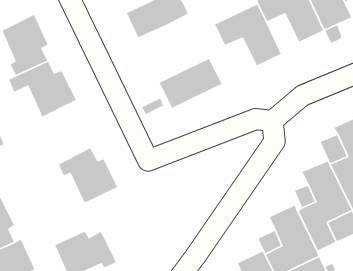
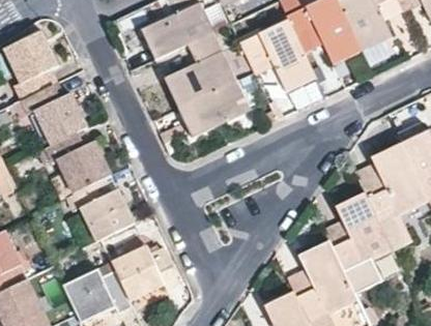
building: none -> [164,31,233,107]
building: none -> [42,130,110,194]
building: none -> [110,247,178,299]

